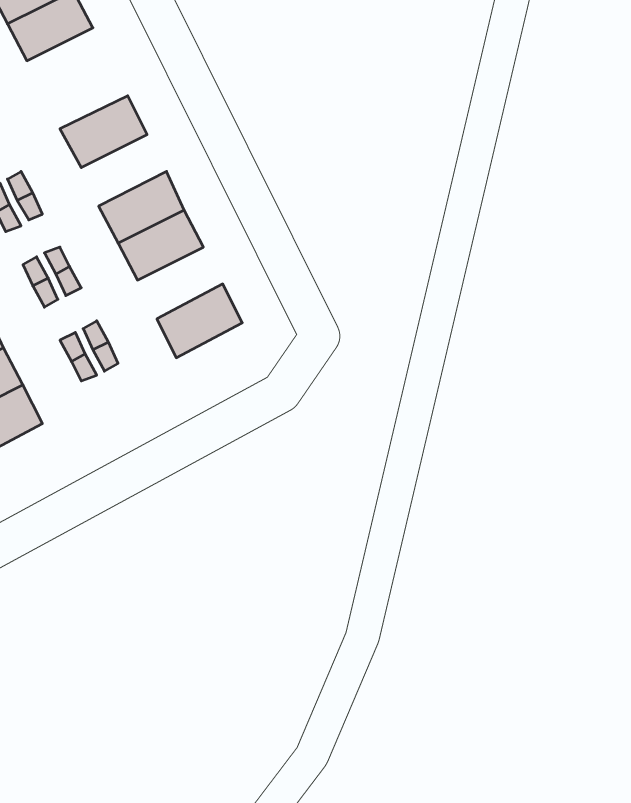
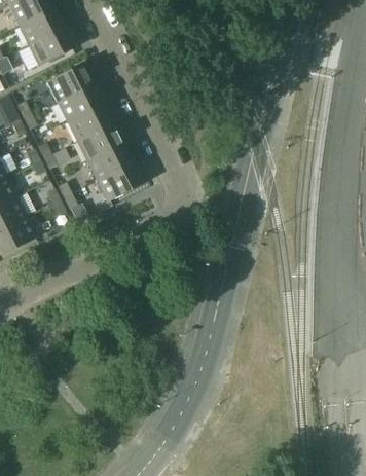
building: none -> [28,27,73,66]
building: none -> [57,83,102,121]
building: none -> [86,143,132,181]

